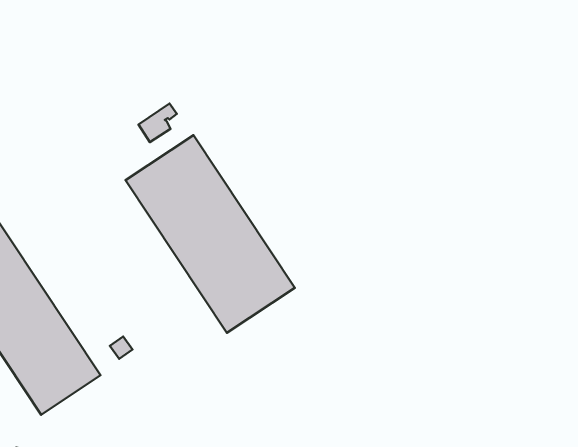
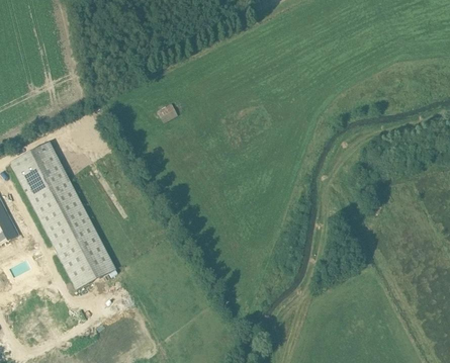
building: [125,135,295,333] -> none

